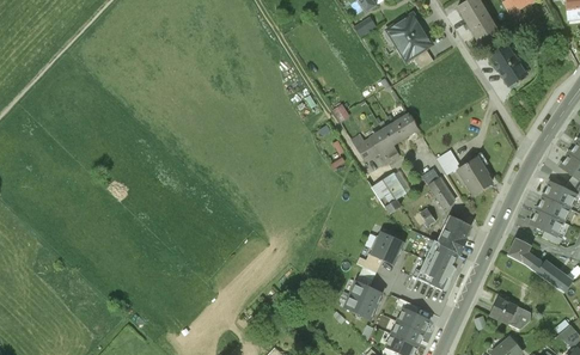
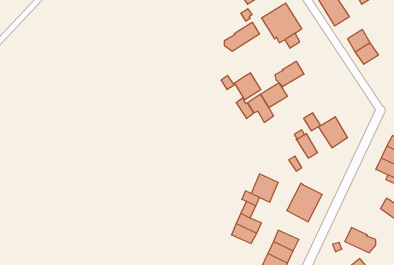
building: none -> [225,22,260,51]
building: none -> [275,61,304,87]
building: none -> [235,73,261,100]
building: [373,173,405,210] -> none
building: [438,216,471,255] -> none
building: [507,237,543,273] -> none

